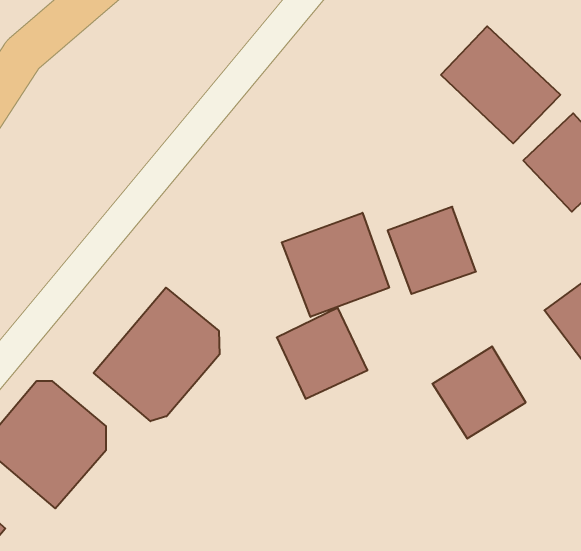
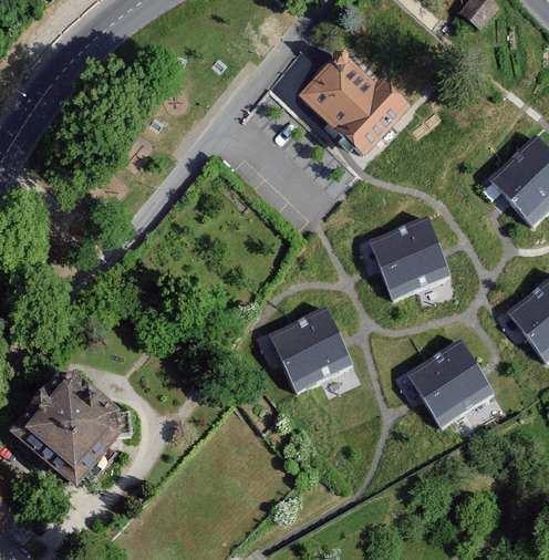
building: [441,26,560,143] -> [298,53,404,157]
building: [282,213,389,317] -> none
building: [94,288,219,421] -> none

